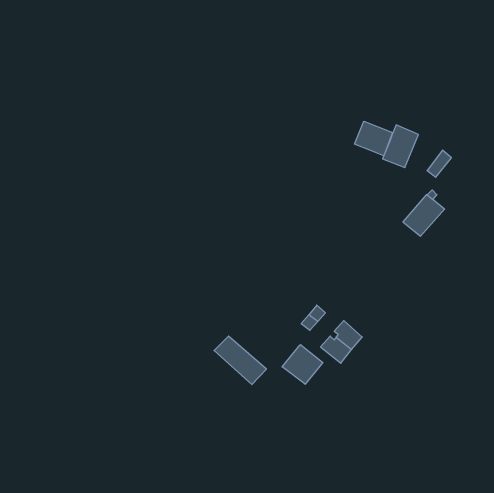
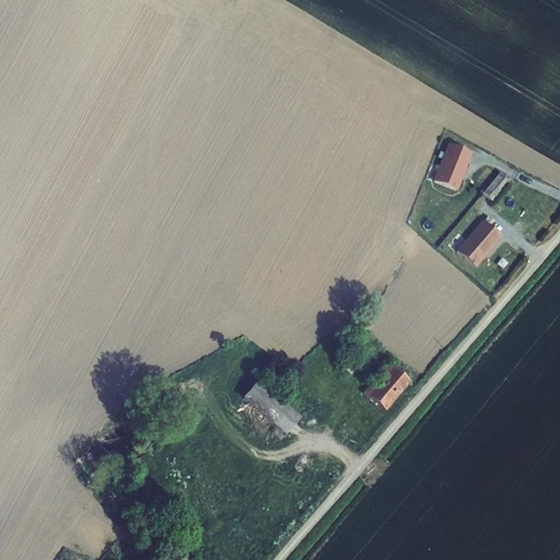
building: [355,121,393,156] -> none
building: [282,345,323,384] -> none

